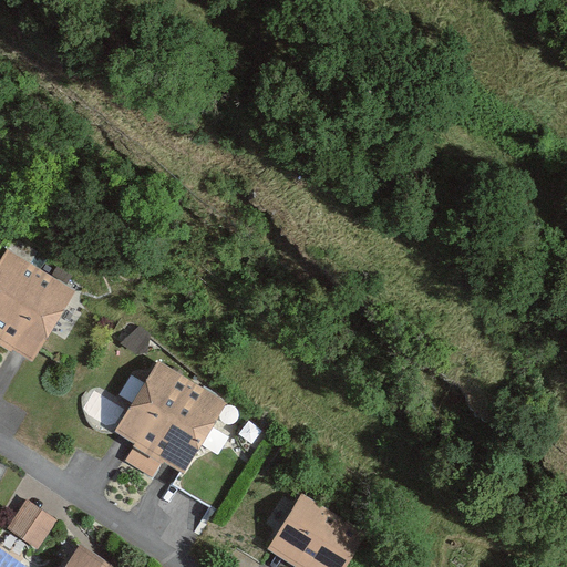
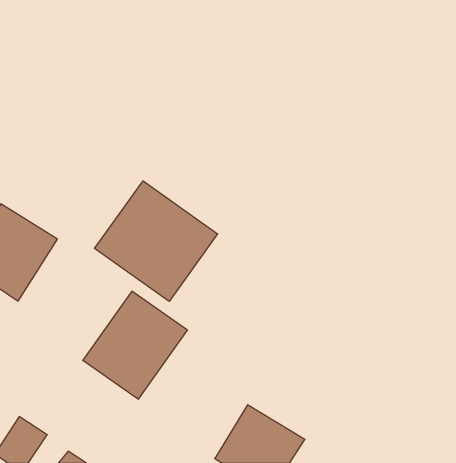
building: none -> [95,181,218,301]

